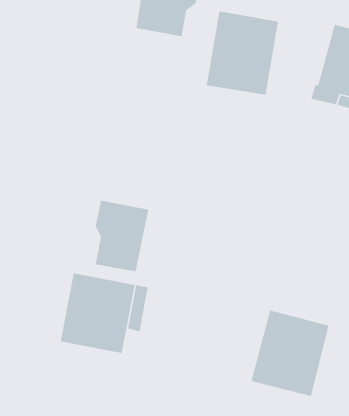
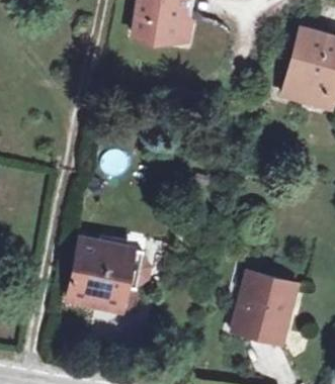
building: [206,10,279,95] -> none
building: [95,200,149,272] -> none

